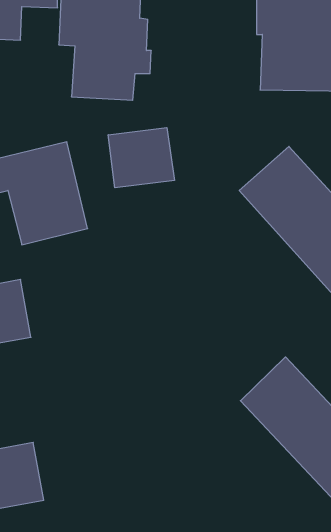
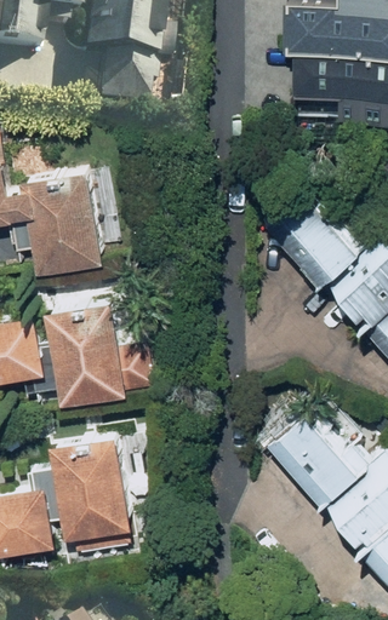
building: [108,128,174,188] -> none
building: none -> [44,300,161,403]
building: none -> [51,434,138,544]

